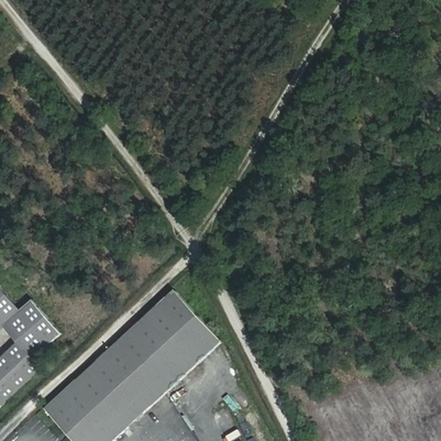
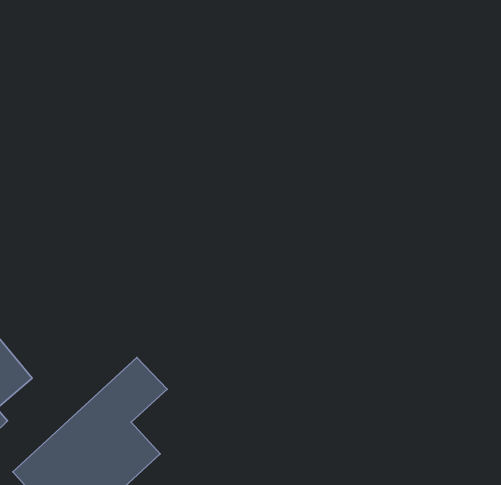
building: [137,290,219,394] -> none

